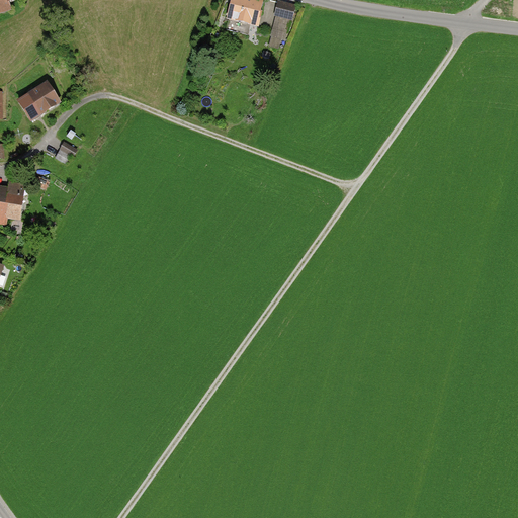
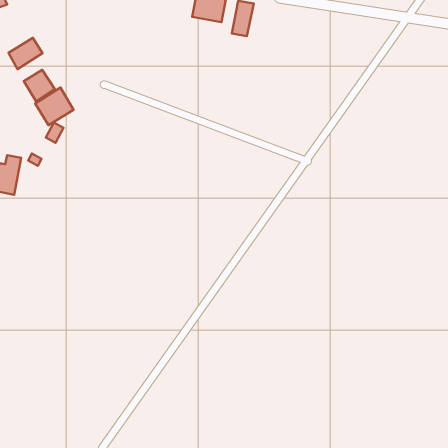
building: none -> [8,38,43,69]
building: none -> [35,87,73,125]

